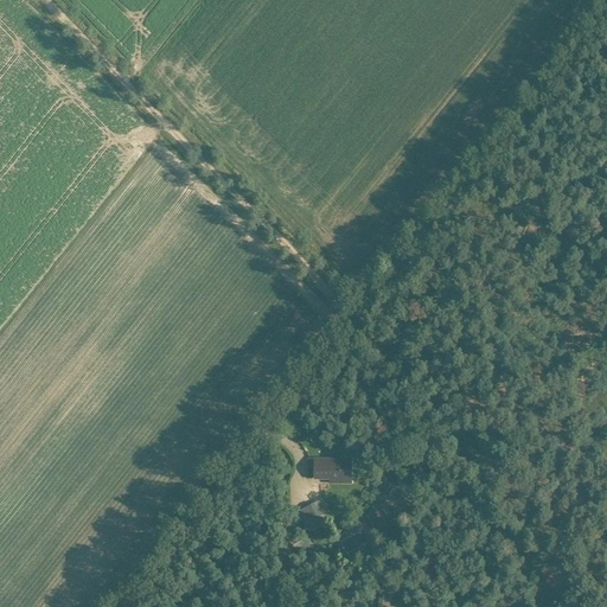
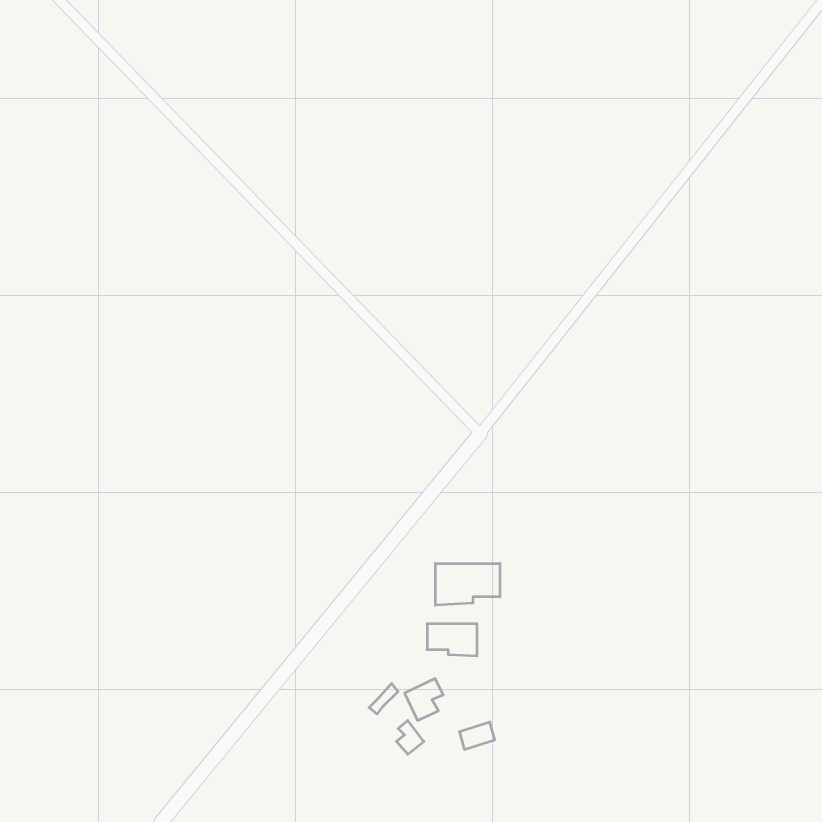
building: none -> [435,563,500,605]

